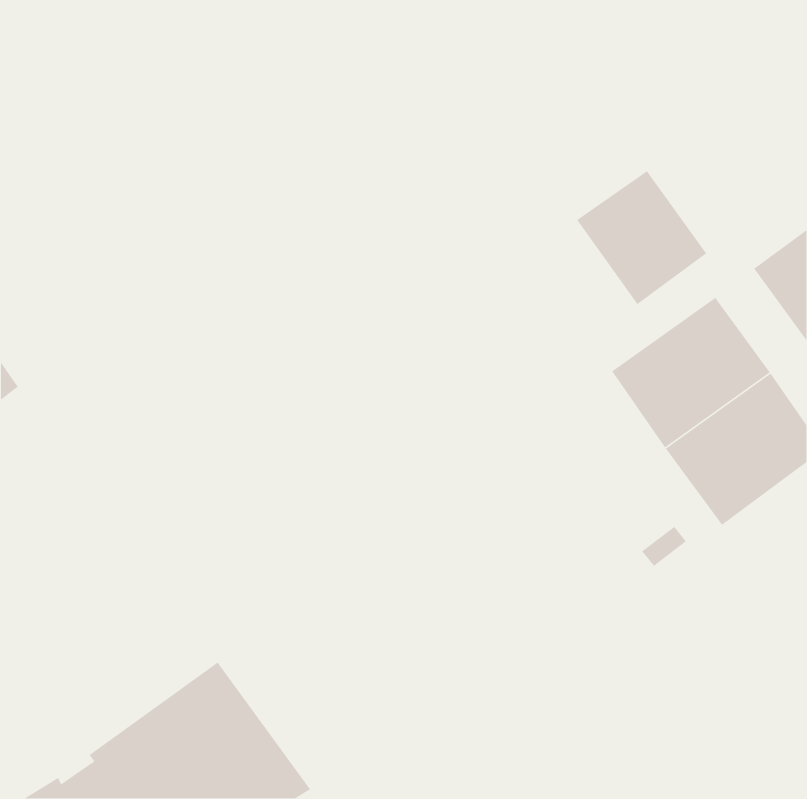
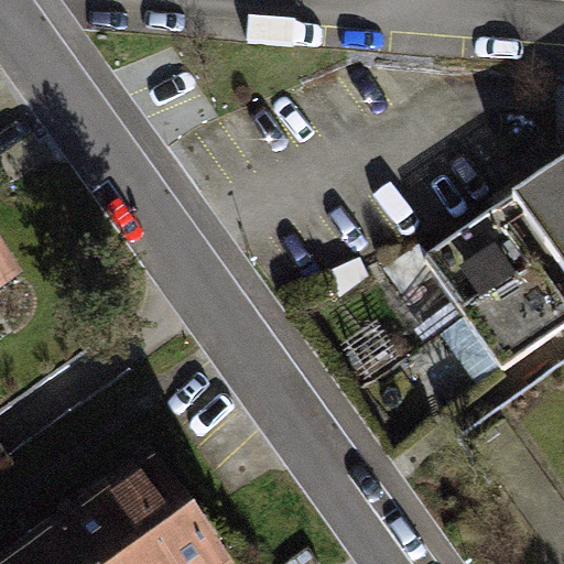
building: [576,170,707,305] -> none

